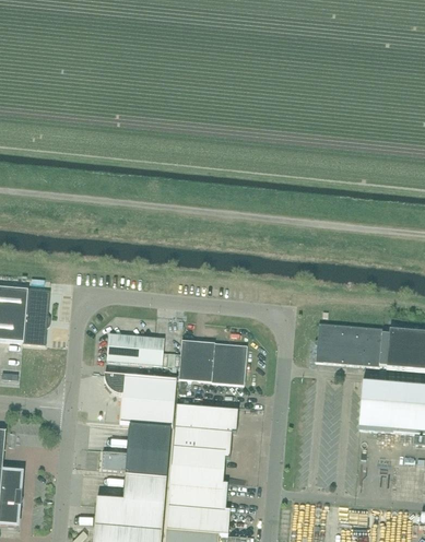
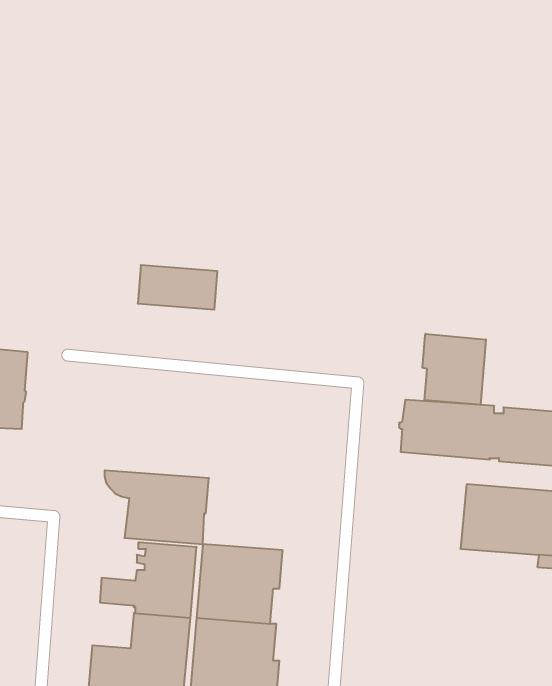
building: none -> [423,334,486,405]
building: [107,332,164,364] -> [138,265,217,310]
building: [179,339,247,384] -> none
building: [175,403,238,431] -> none

